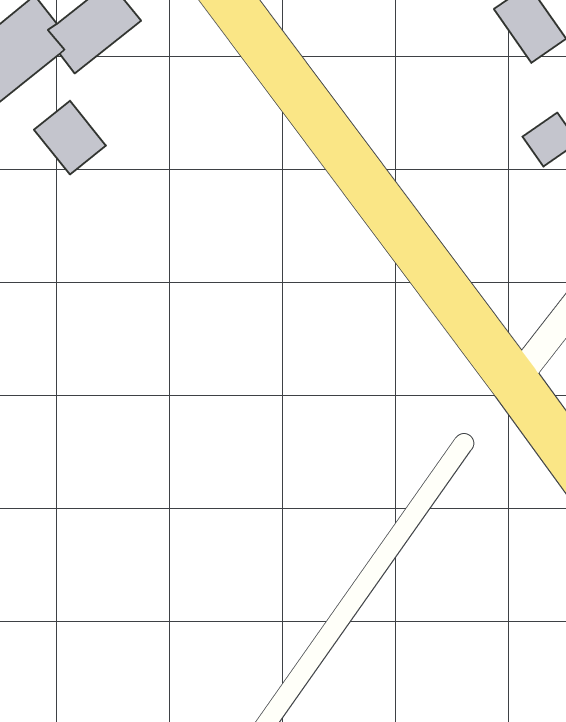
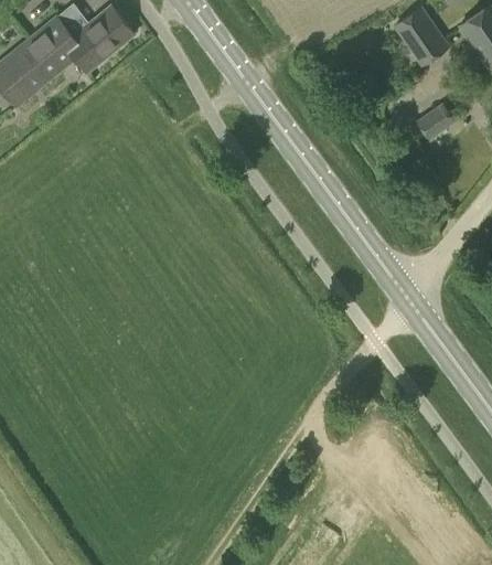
building: [34,101,106,174] -> none

